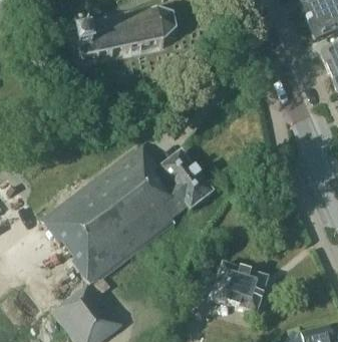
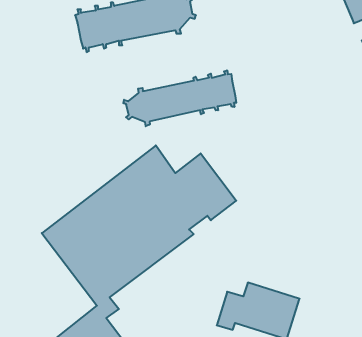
building: none -> [123,70,236,126]

